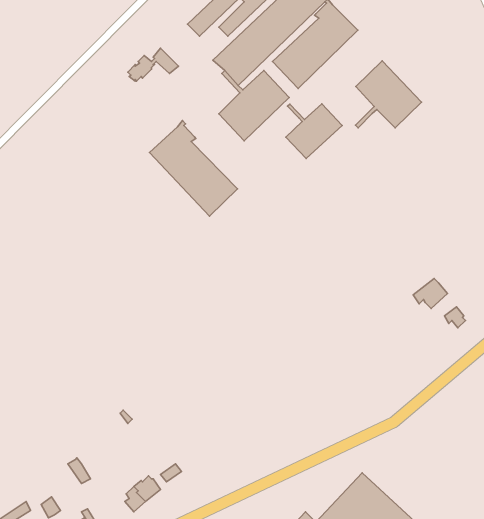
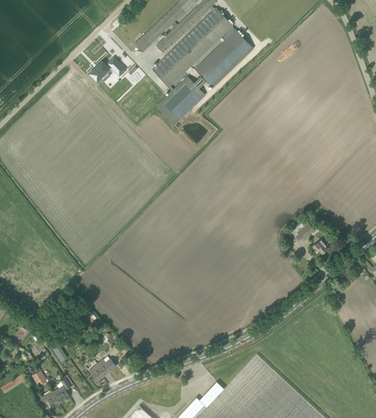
building: [355,61,421,128] -> none
building: [286,104,342,159] -> none
building: [150,121,238,216] -> none

